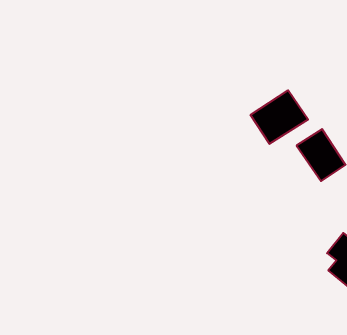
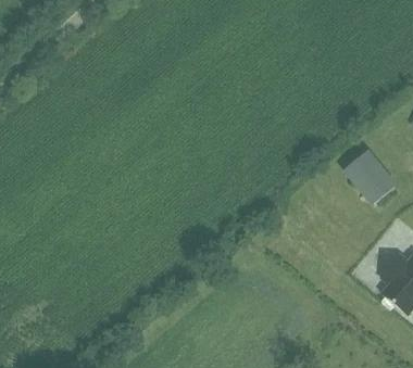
building: [251,90,308,144] -> none

